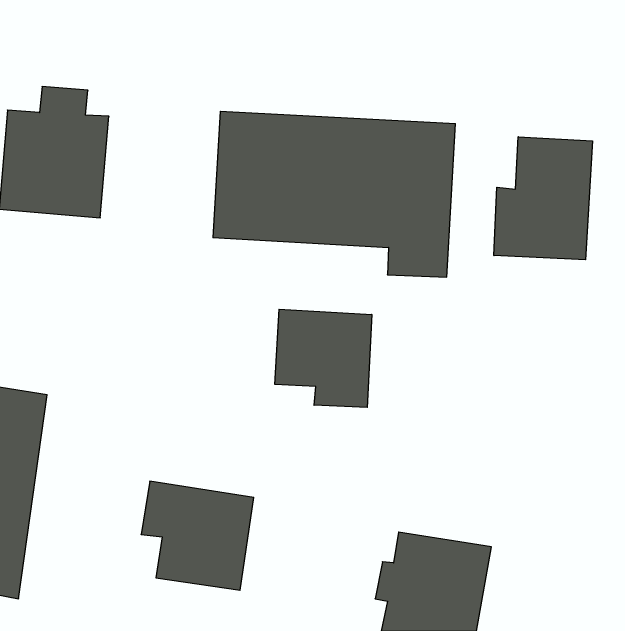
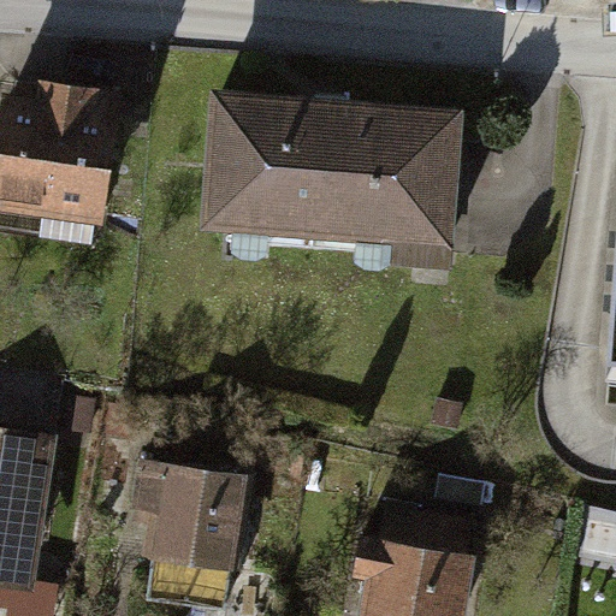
building: [494,137,592,260] -> none
building: [275,309,372,407] -> none

